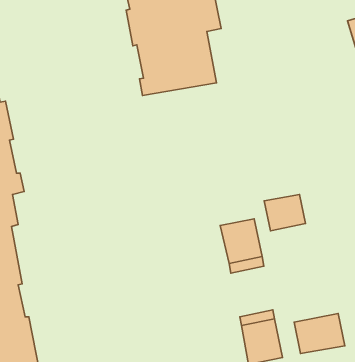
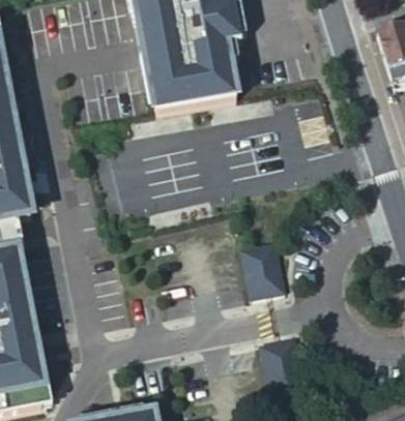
building: [264,194,305,231] -> none
building: [294,313,345,354] -> none

